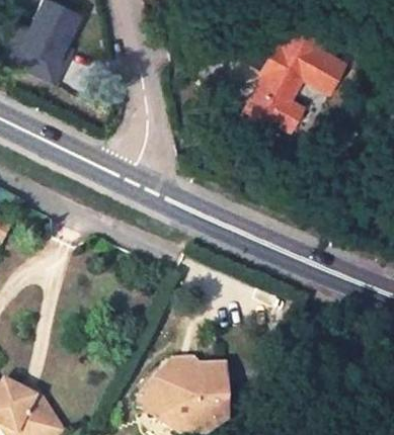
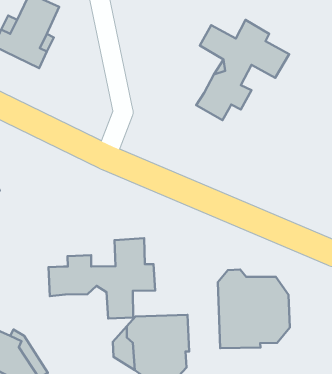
building: none -> [49,238,155,318]
building: none -> [218,269,290,348]

